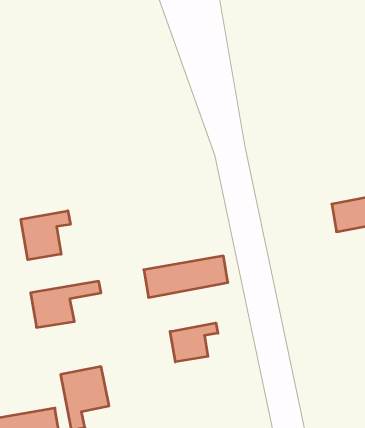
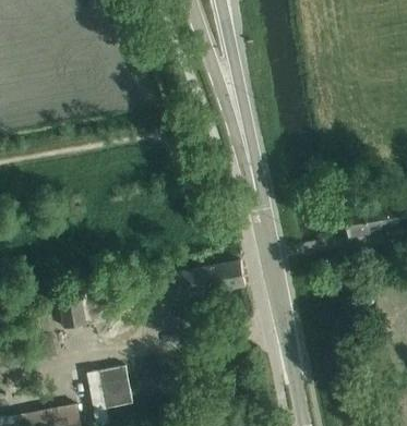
building: [21,211,70,260] -> none
building: [170,323,218,362] -> none

